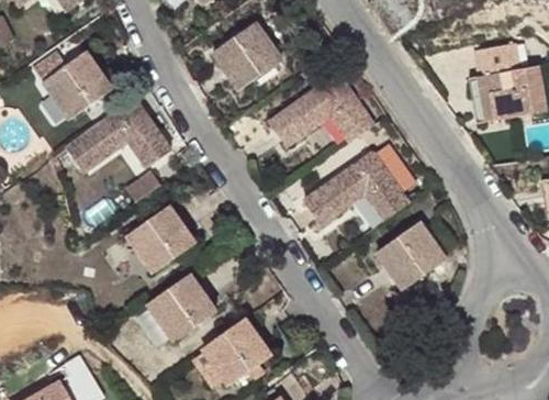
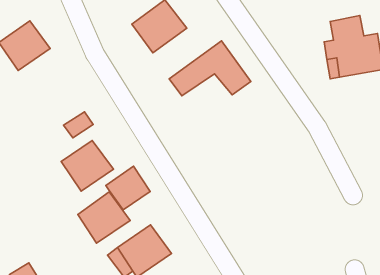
building: [66,96,171,169] -> none
building: [299,148,407,225] -> none
building: [373,222,445,290] -> none
building: none -> [106,166,150,210]

